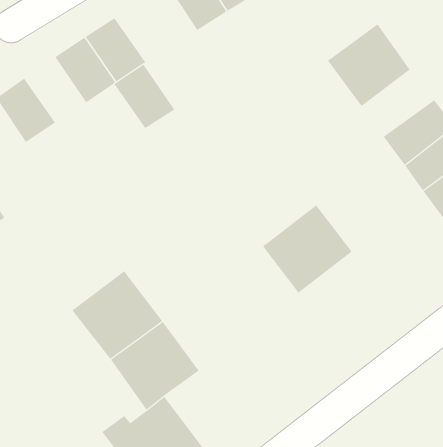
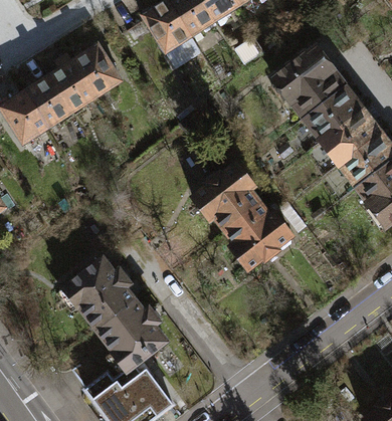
building: [114,64,175,129] -> [22,75,73,130]
building: none -> [303,85,364,142]
building: none -> [190,160,265,233]

